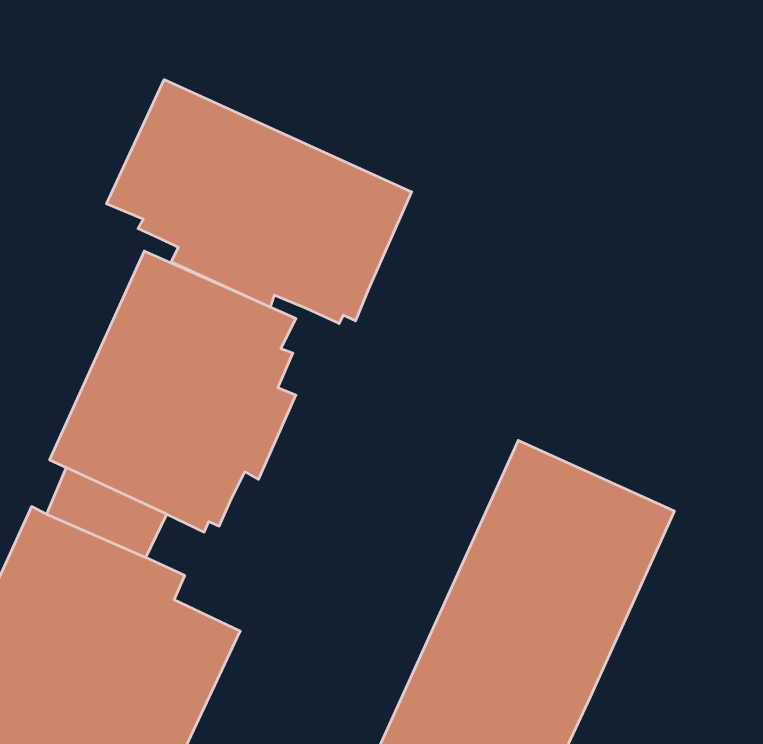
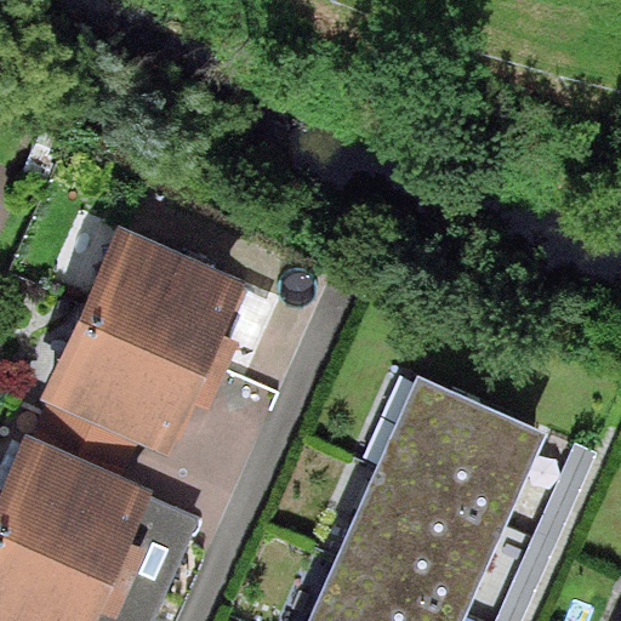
building: [107,80,412,324] -> none

